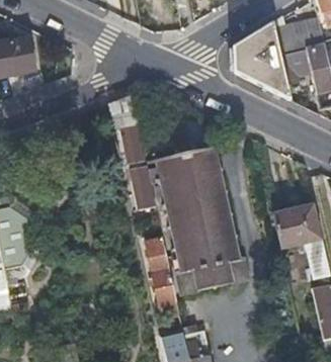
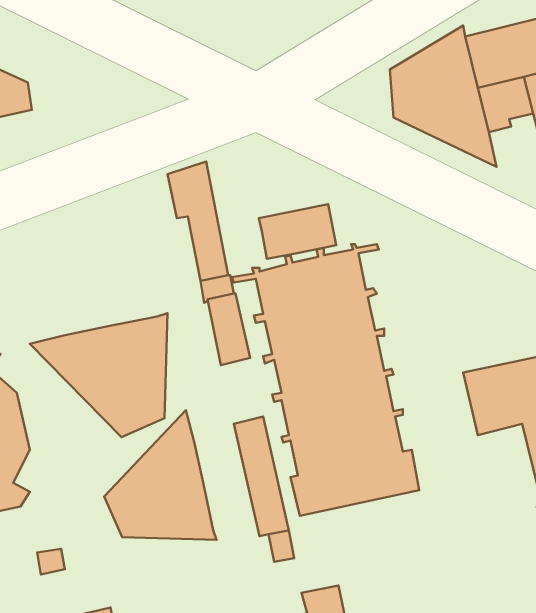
building: none -> [259,204,336,259]
building: none -> [30,313,167,437]
building: none -> [104,410,216,540]

